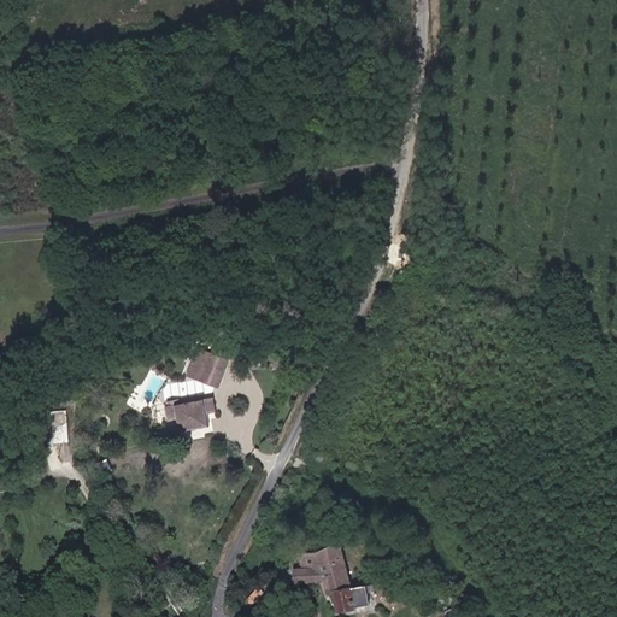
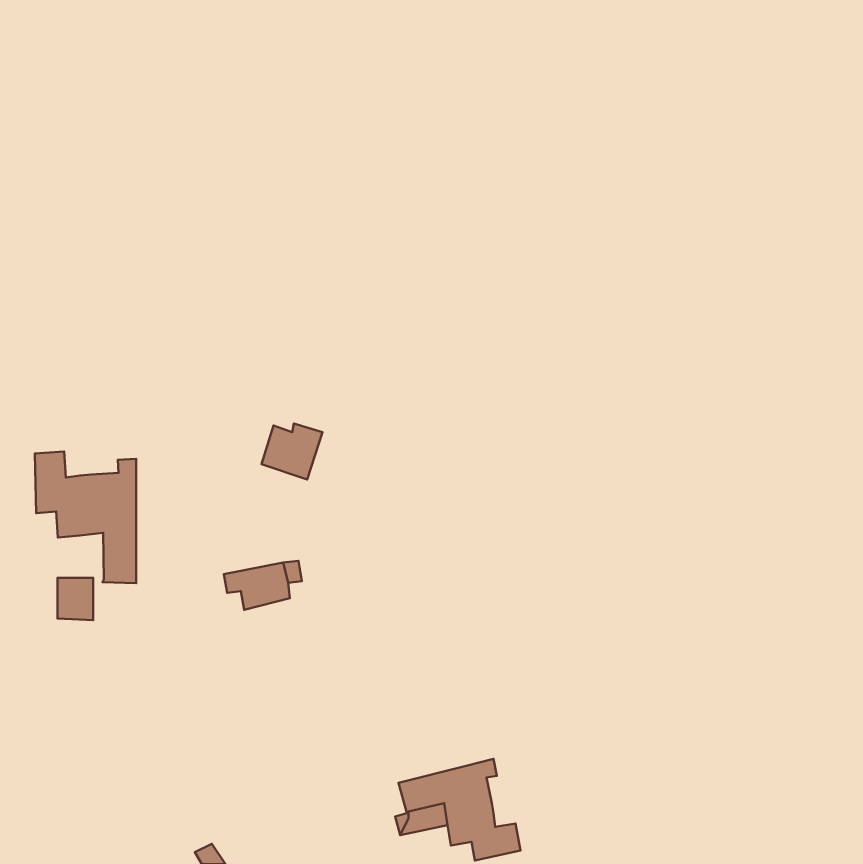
building: none -> [35,451,136,583]
building: [186,347,229,387] -> [262,424,323,480]

